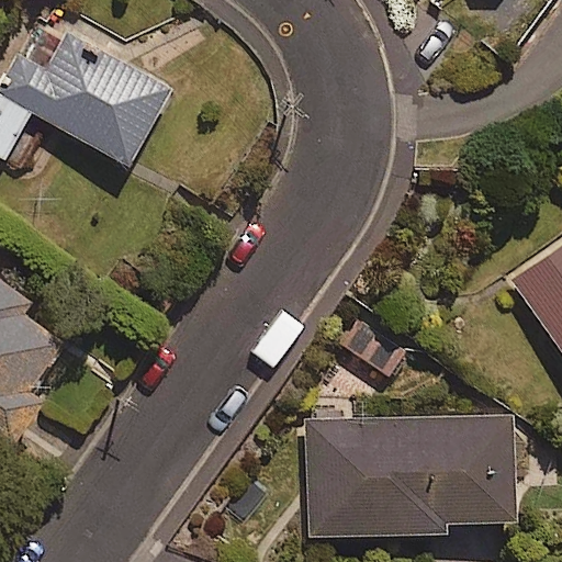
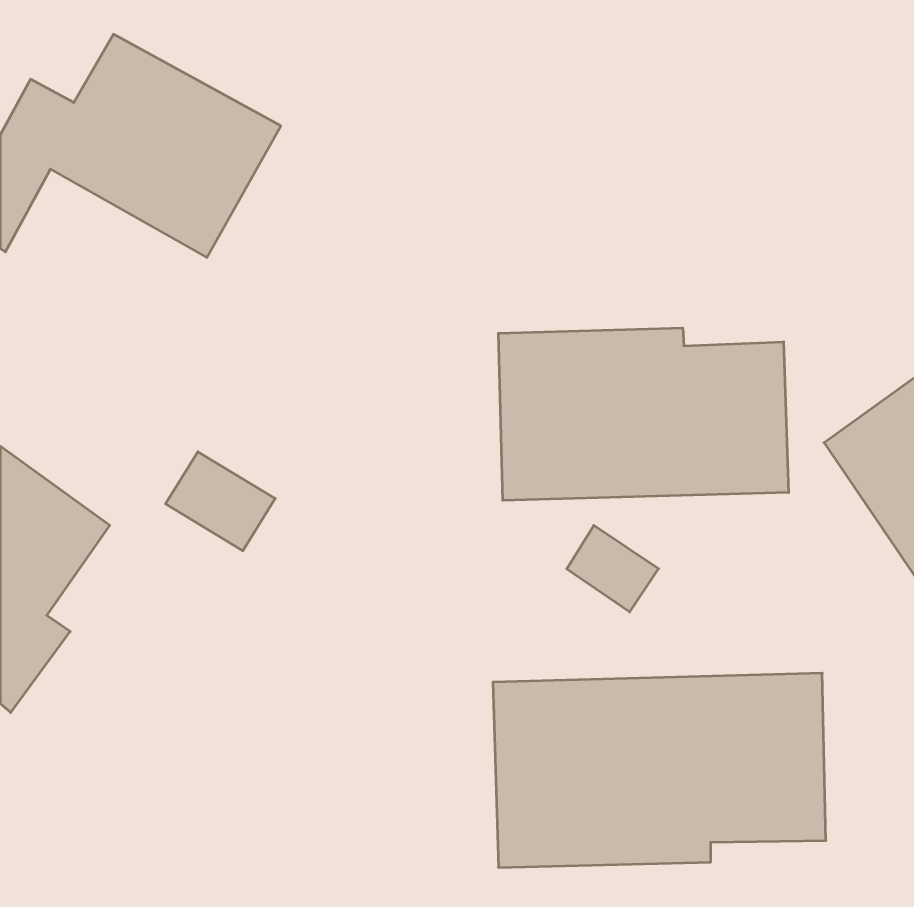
building: none -> [498,328,789,500]

